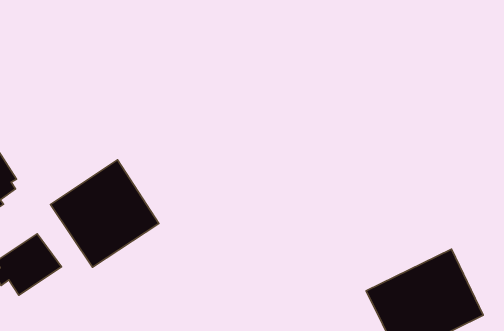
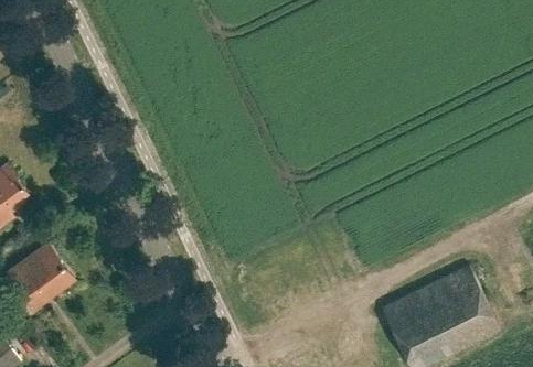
building: [51,160,159,267] -> none

